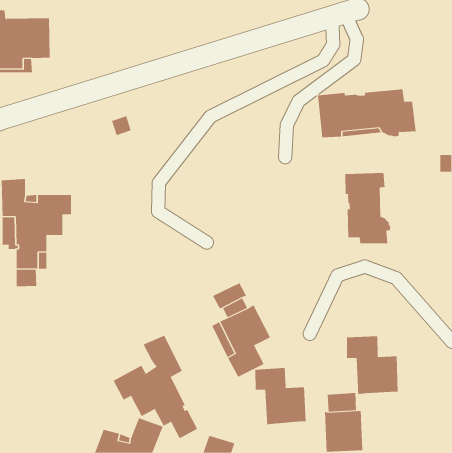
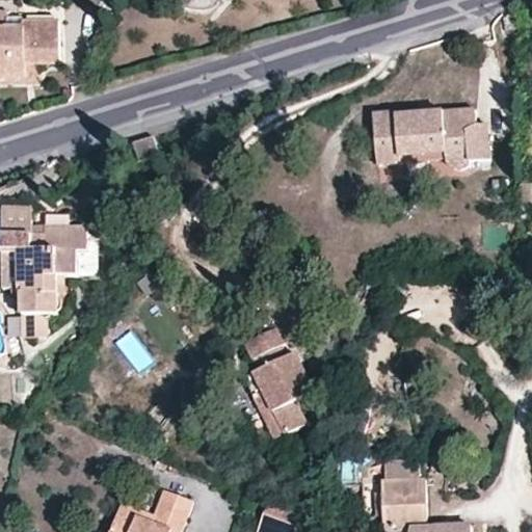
building: [345,172,391,244] -> none
building: [113,335,198,439] -> none
building: [346,335,398,395] -> none
building: [255,367,306,425] -> none

